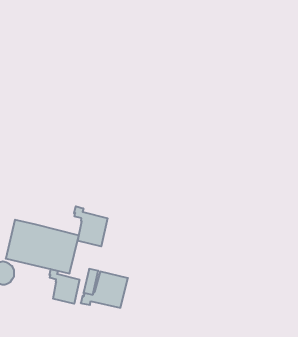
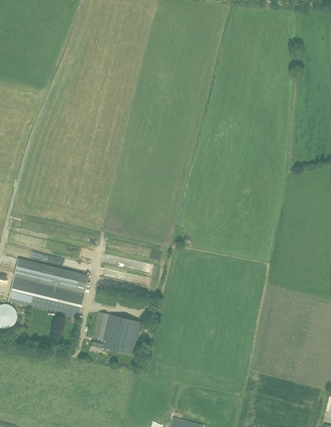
building: [74,206,108,246] -> none
building: [49,269,79,304] -> none

